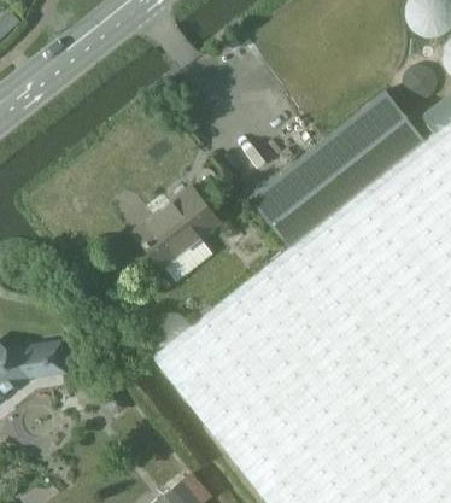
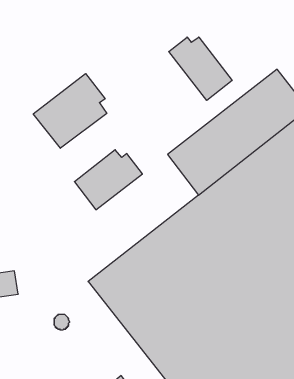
building: none -> [169,37,232,100]
building: none -> [33,74,107,148]

